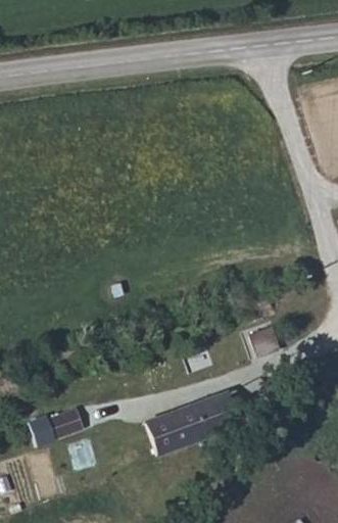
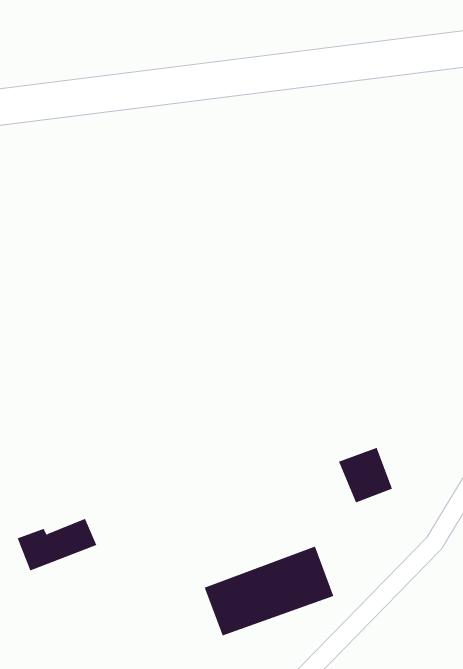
building: [31,408,88,445] -> [17,518,97,571]

